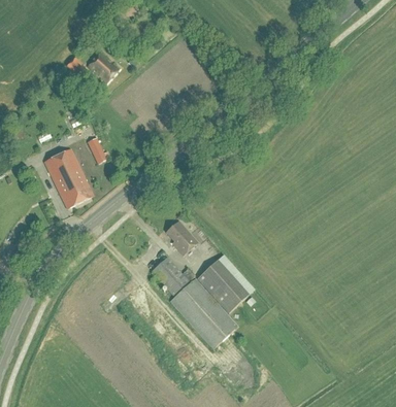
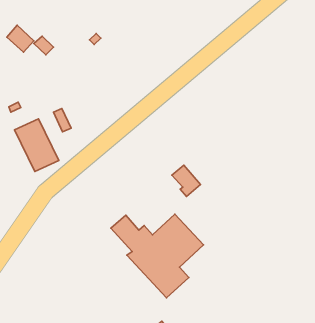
building: [87,52,117,81] -> [7,25,34,52]
building: [167,219,199,255] -> [172,165,200,197]

